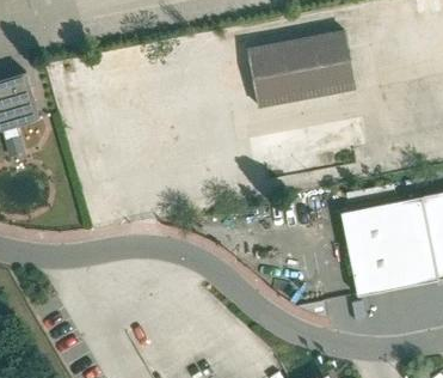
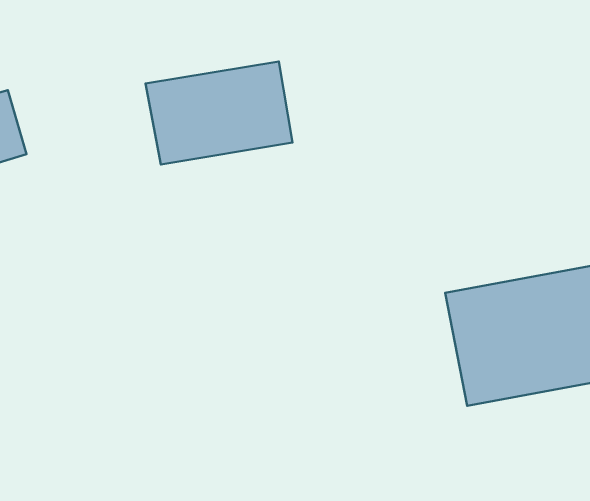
building: [252,35,356,108] -> [146,62,292,165]

